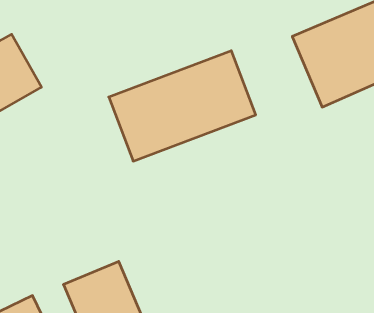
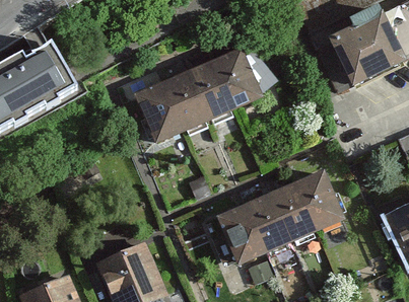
building: none -> [220,173,352,272]

